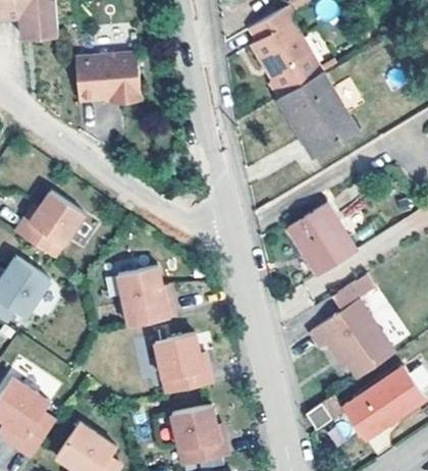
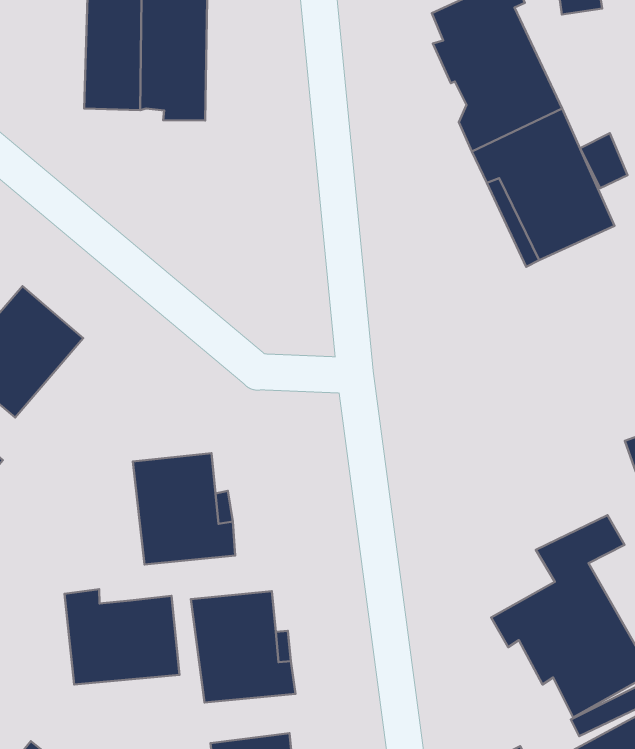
building: [285,203,355,275] -> none
building: none -> [64,589,179,685]

